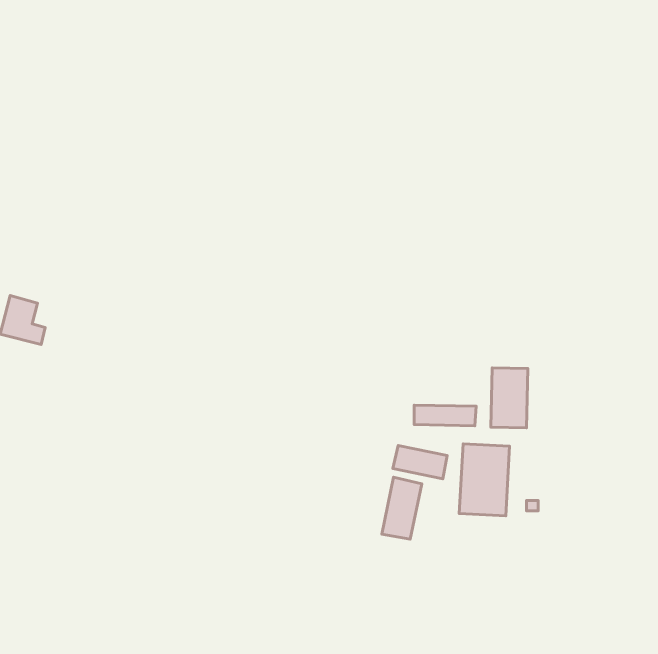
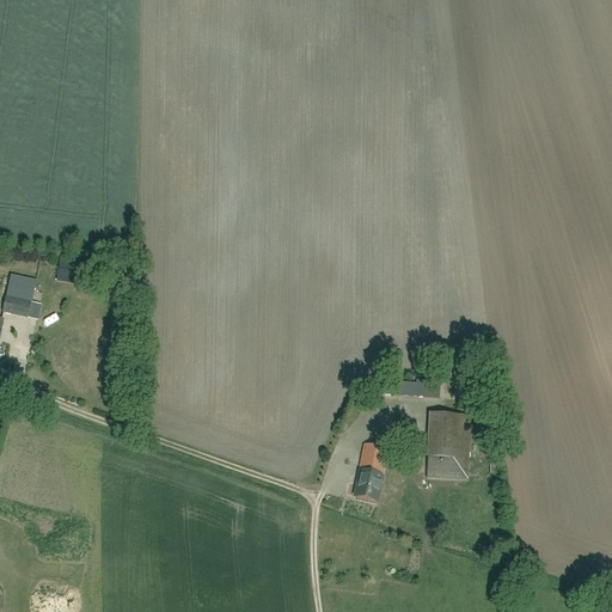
building: [491,368,528,428] -> none
building: [393,446,447,479] -> none

